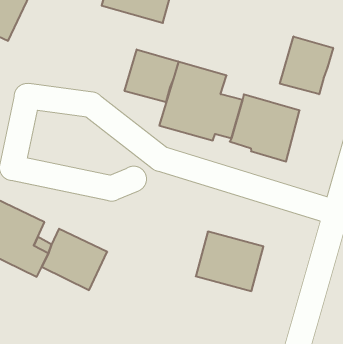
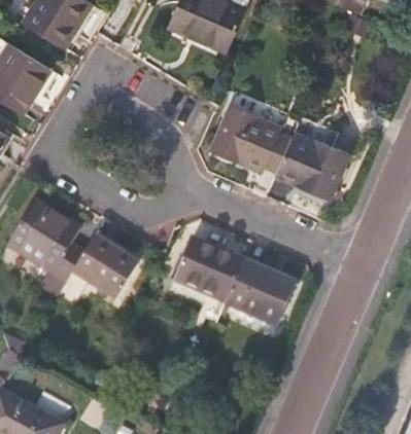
building: [280,36,333,94] -> none
building: [125,49,178,102] -> none
building: none -> [173,241,243,304]

